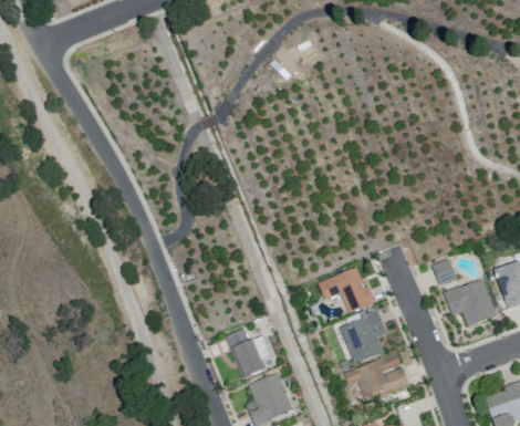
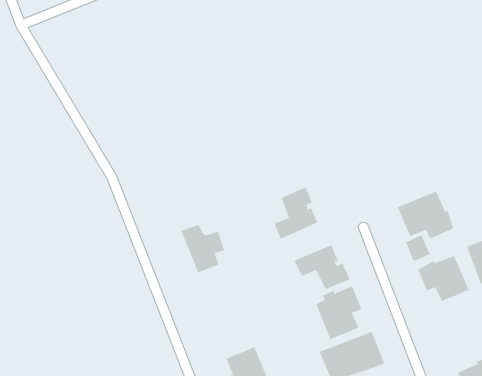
building: none -> [274,187,318,240]
building: none -> [397,191,454,239]
building: [225,330,270,380] -> [180,224,225,273]

